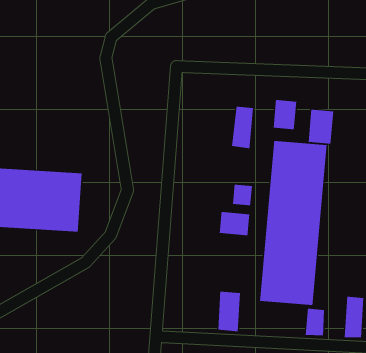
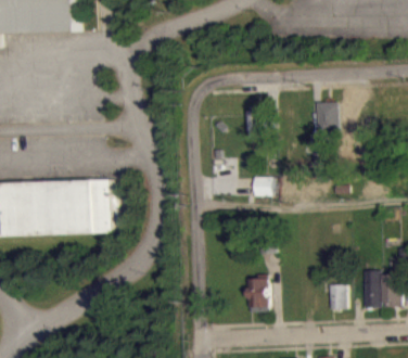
building: [273,99,297,130] -> none
building: [260,140,327,306] -> none
building: [219,211,250,236] -> none

